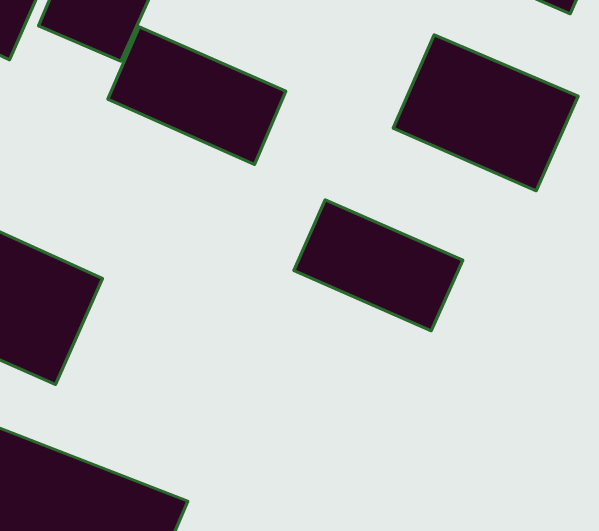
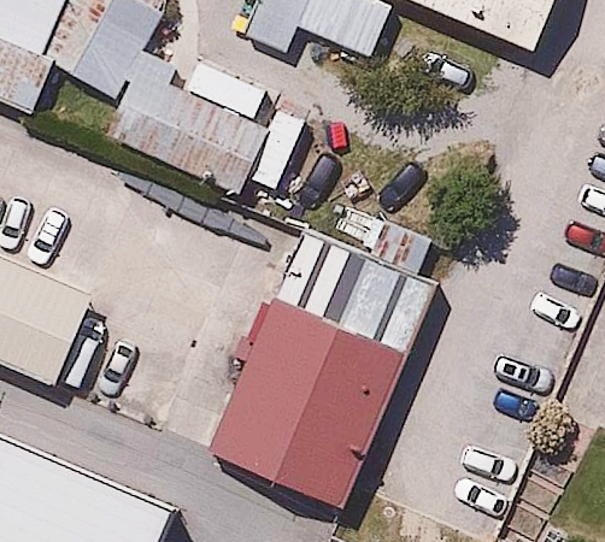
building: [393,35,578,191] -> none
building: none -> [218,305,397,507]

